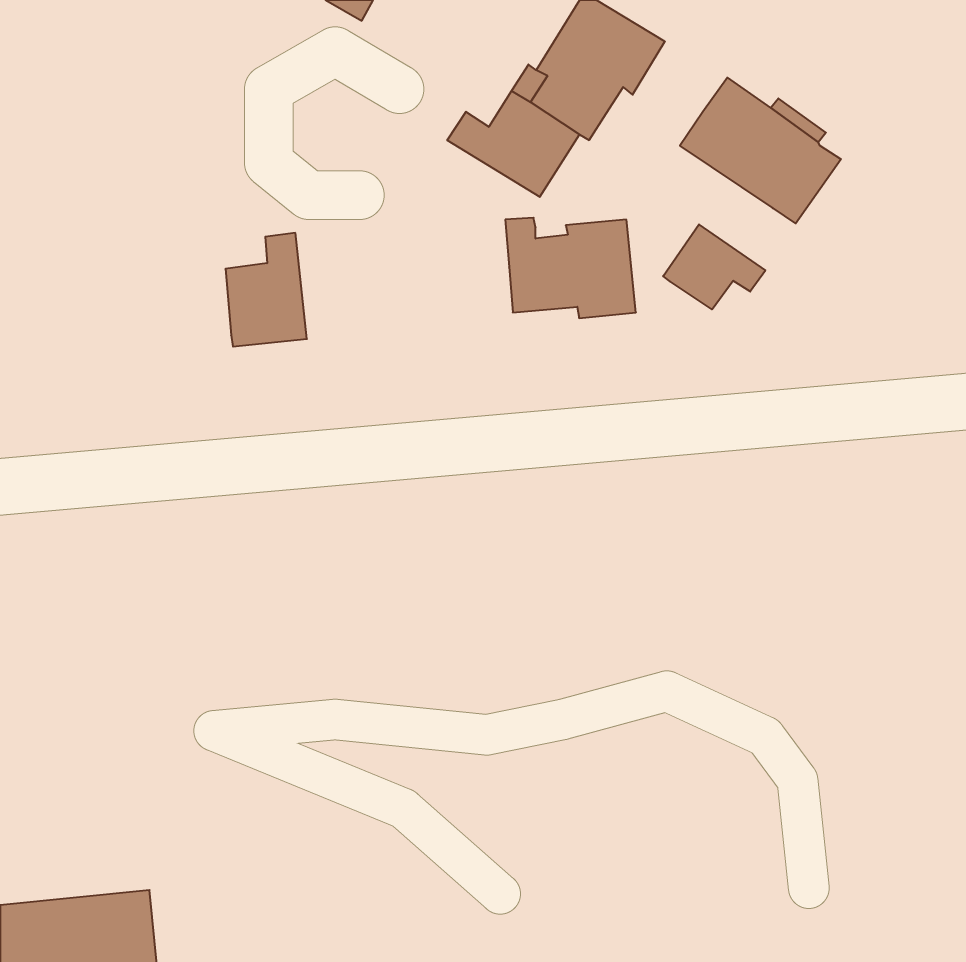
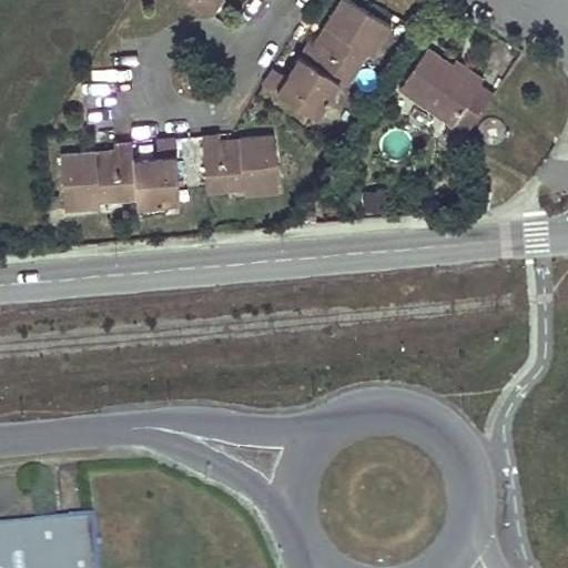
building: [505,218,636,318] -> [202,136,278,195]
building: [663,224,765,309] -> none
building: none -> [60,144,136,213]

